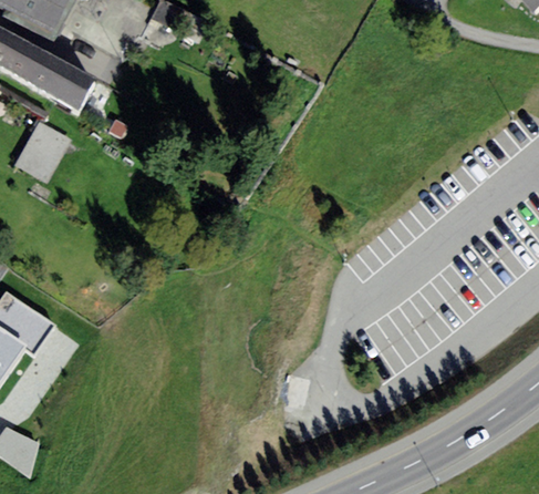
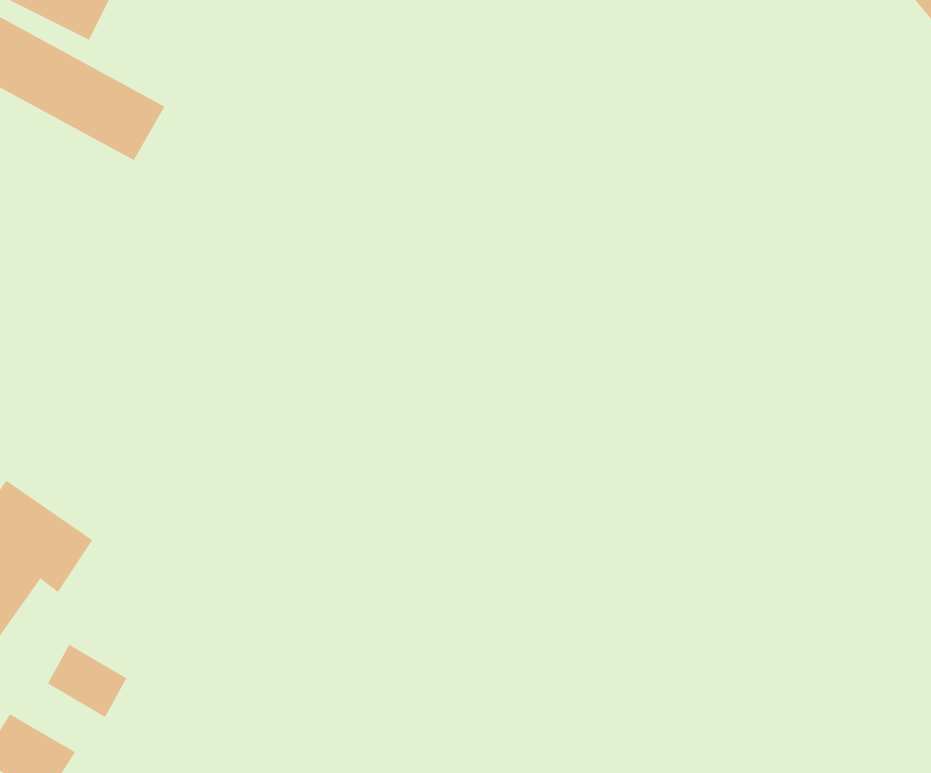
building: [13,121,70,183] -> none
building: none -> [47,644,127,718]

